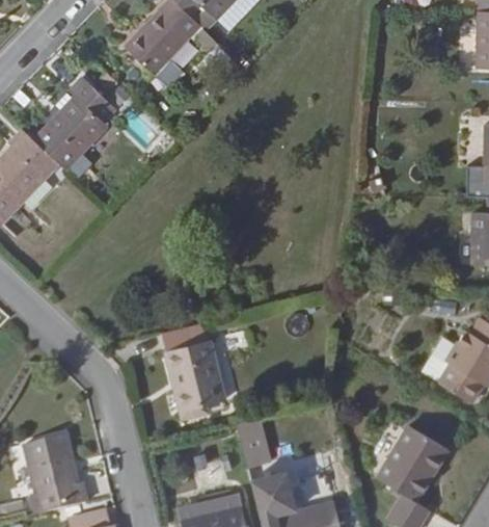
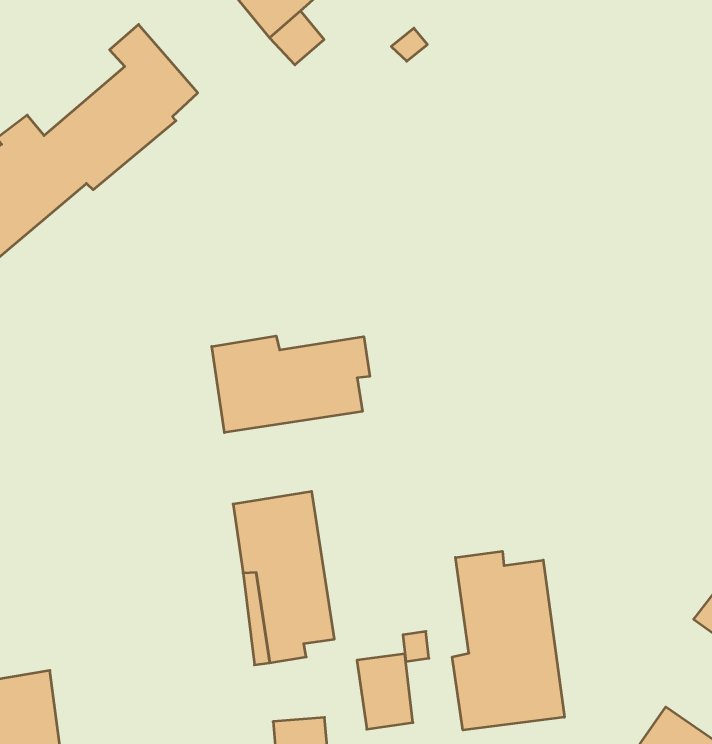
building: none -> [212,336,370,433]
building: none -> [452,551,564,730]

